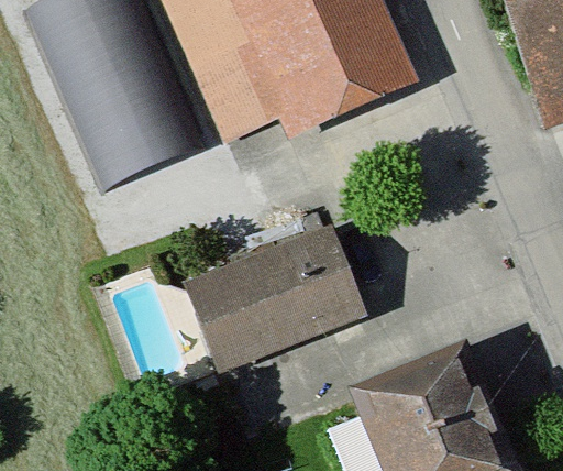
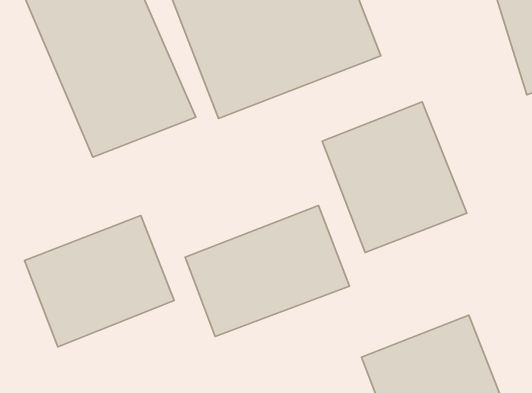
building: none -> [322,102,467,253]
building: none -> [24,216,174,347]

